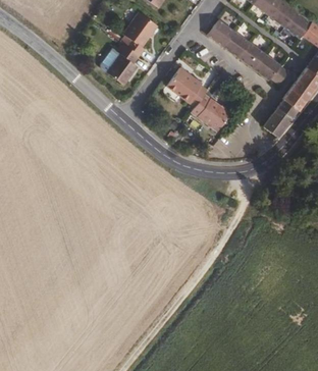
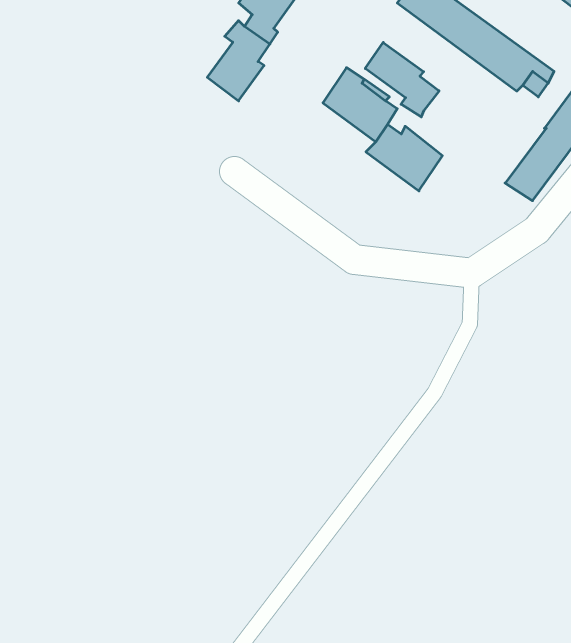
building: none -> [365,42,439,117]

